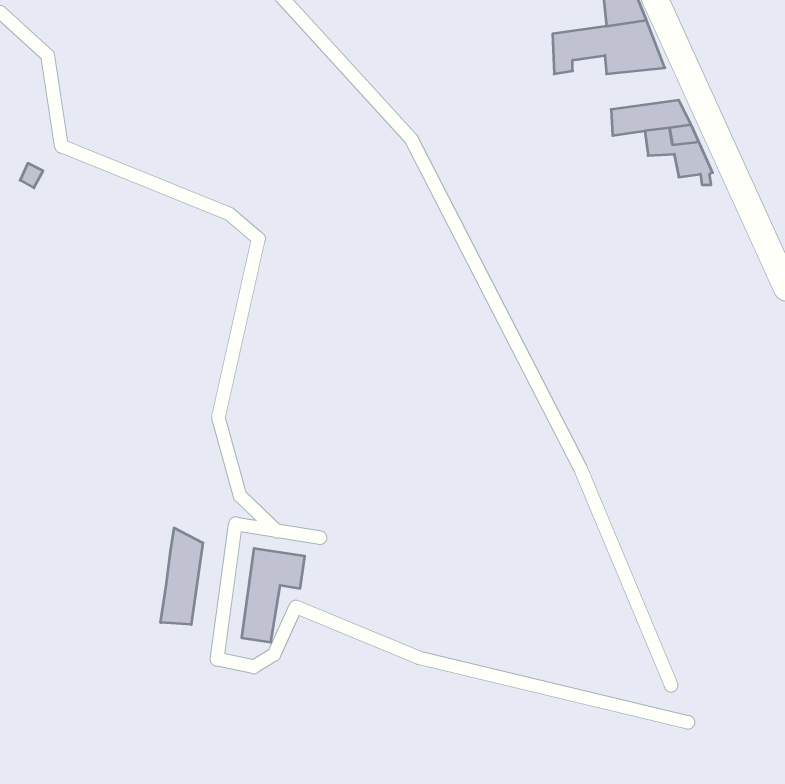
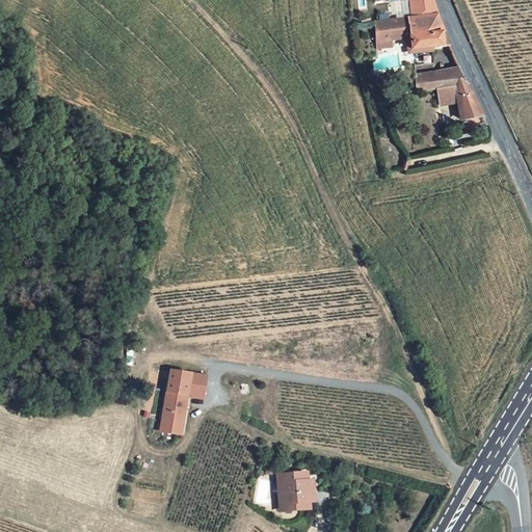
building: [161,528,203,625] -> none
building: none -> [274,471,307,507]

